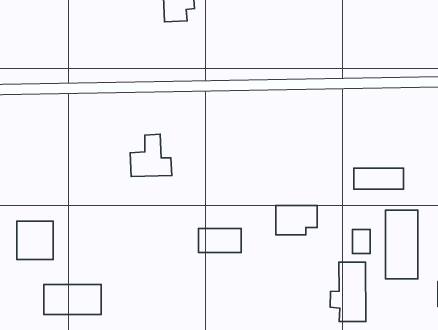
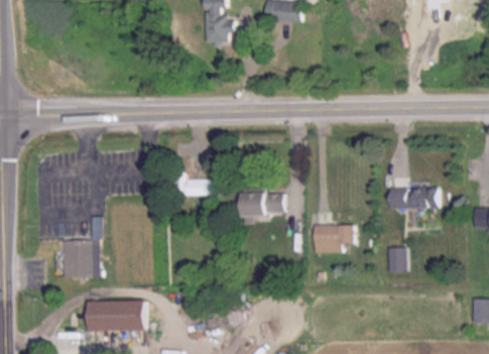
building: [386,210,418,279] -> none
building: [198,229,241,253] -> [241,194,282,217]
building: [330,262,366,321] -> none

